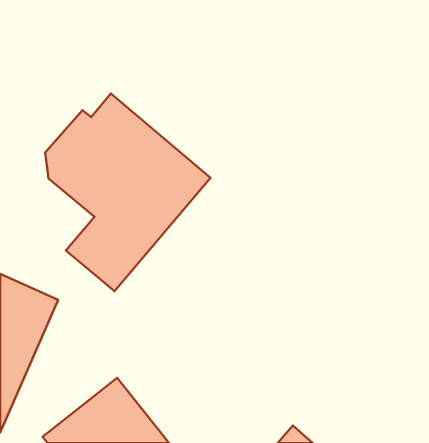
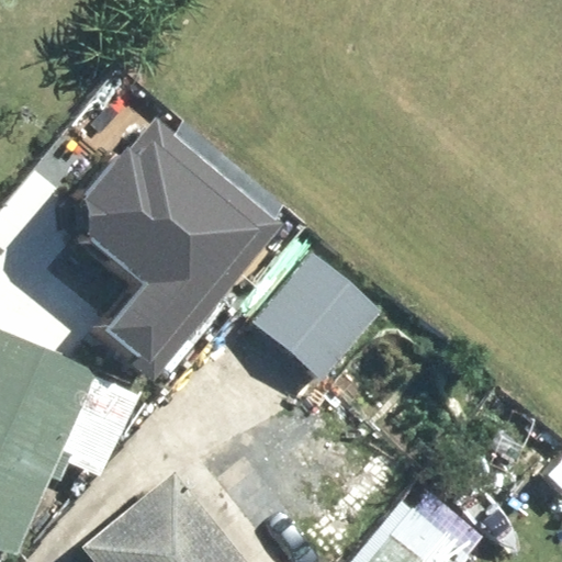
building: none -> [252,260,376,384]

